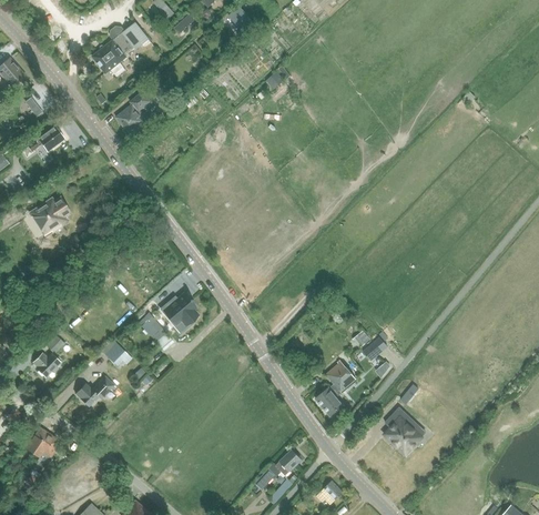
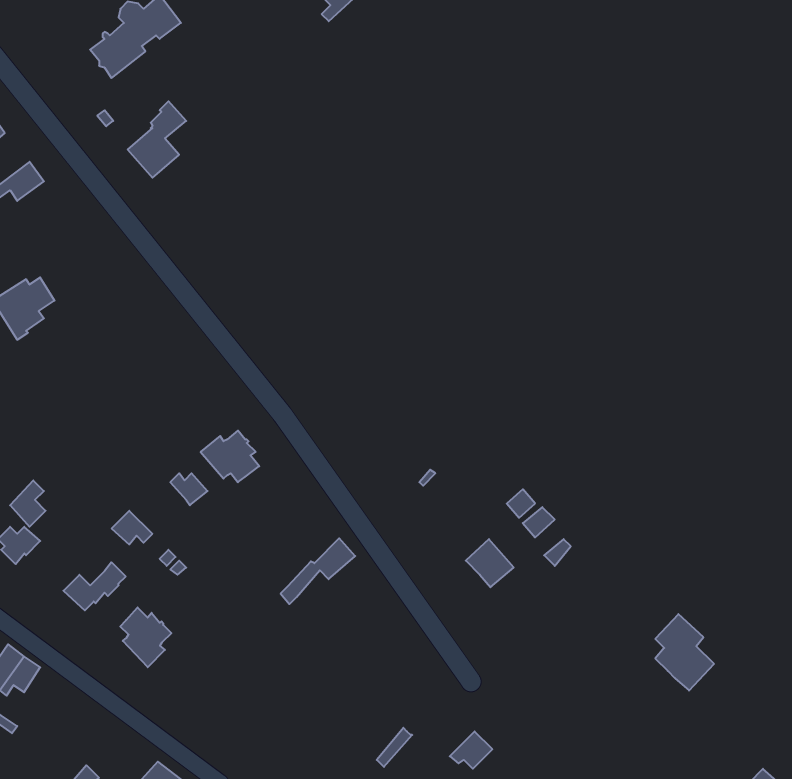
building: [316,383,344,415] -> none
building: none -> [120,607,171,667]
building: [385,406,421,454] -> [655,614,714,691]
building: [255,448,302,489] -> [281,538,355,604]

